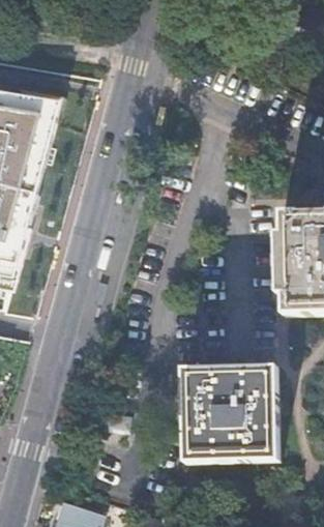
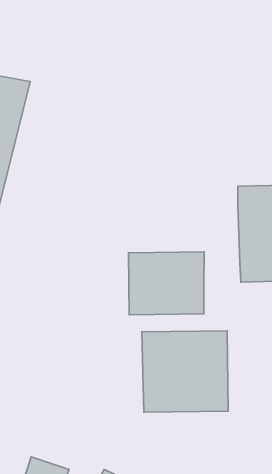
building: none -> [128,252,204,315]

